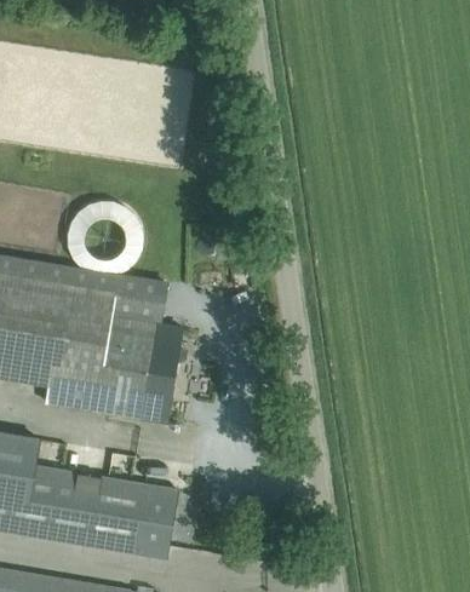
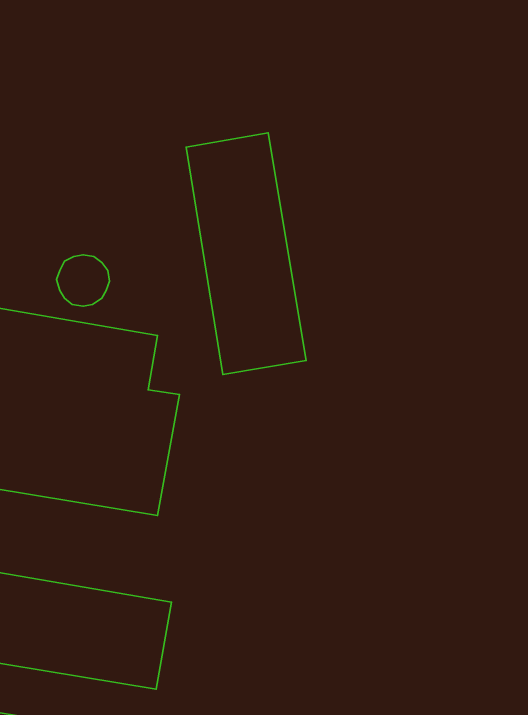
building: none -> [186,133,306,375]

